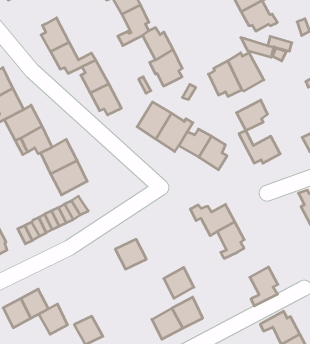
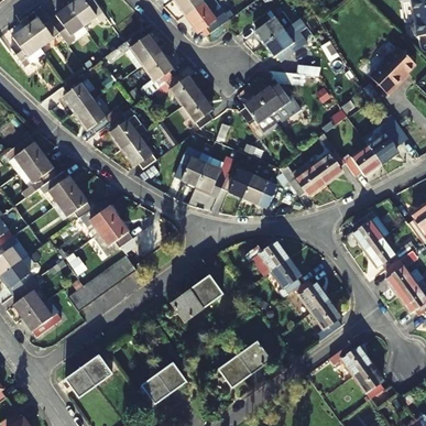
building: [236,100,268,130] -> [313,149,345,182]
building: none -> [295,278,329,312]
building: [164,267,194,298] -> [190,275,222,308]
building: [39,304,68,334] -> [156,361,187,393]

